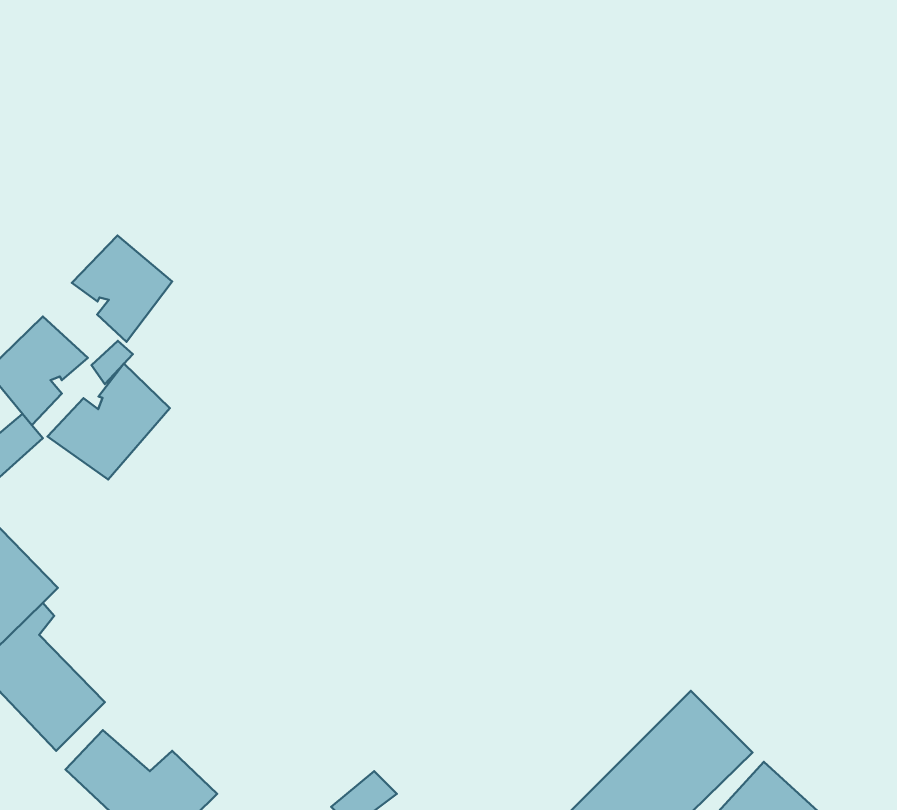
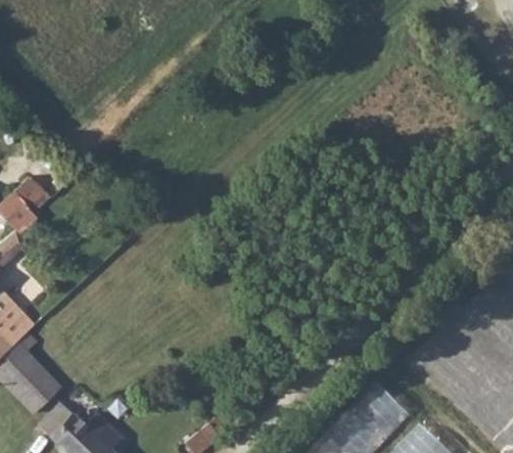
building: [72,235,172,342] -> none
building: [47,364,170,479] -> none

